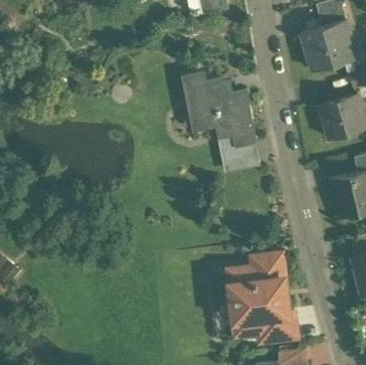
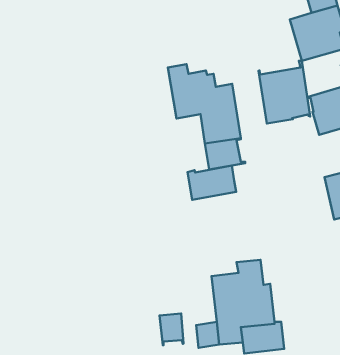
building: none -> [258,61,310,124]
building: none -> [188,165,236,200]
building: none -> [159,313,184,345]

